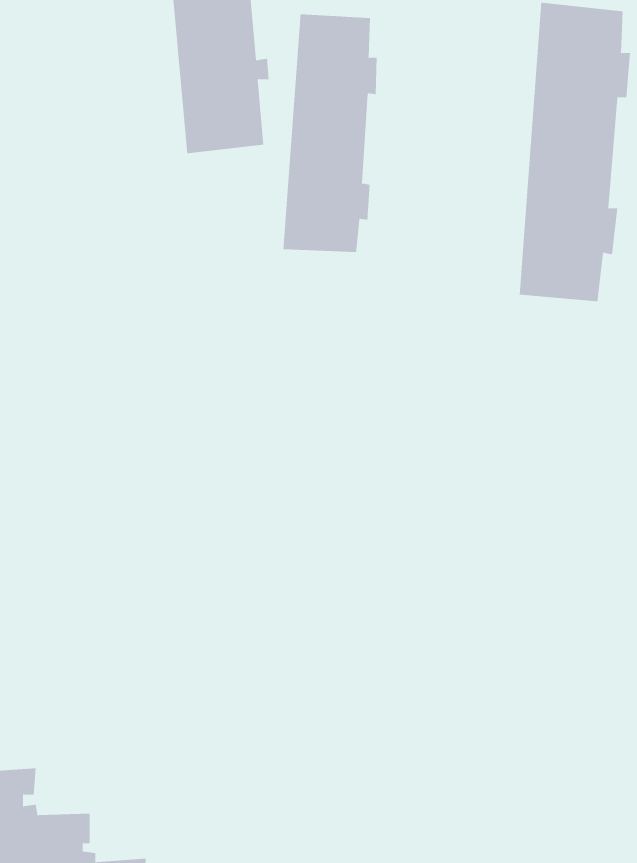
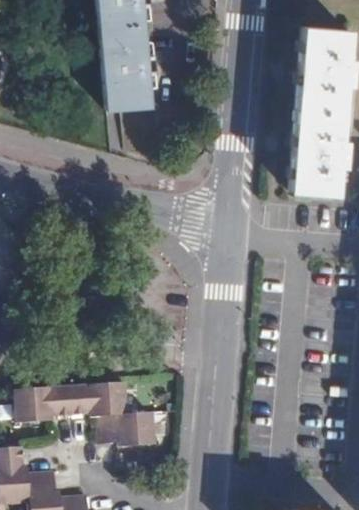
building: [283,13,377,253] -> none
building: none -> [18,381,160,445]

